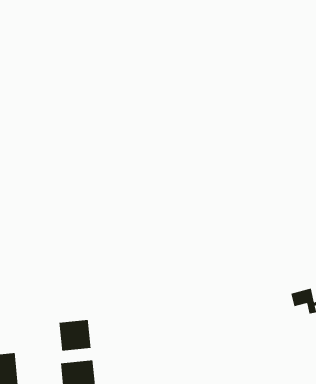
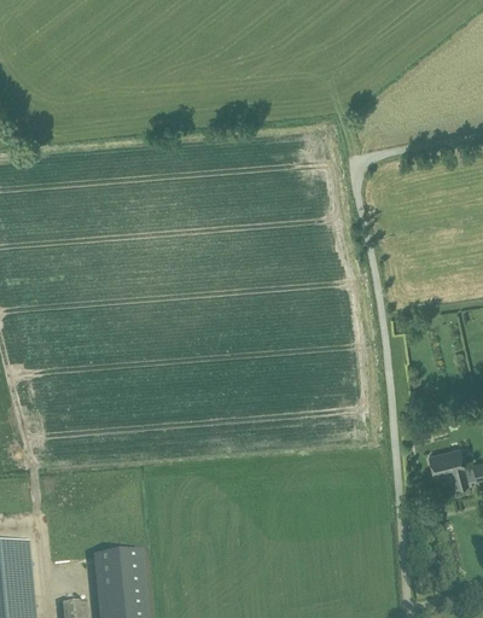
building: [59,319,91,351] -> none

